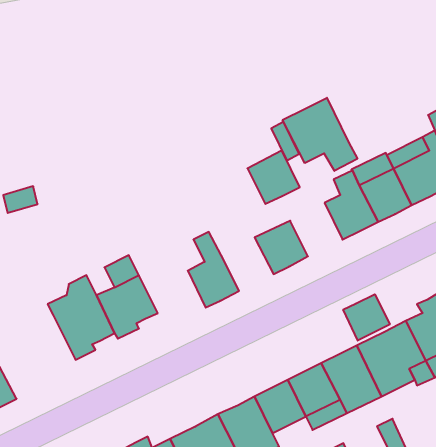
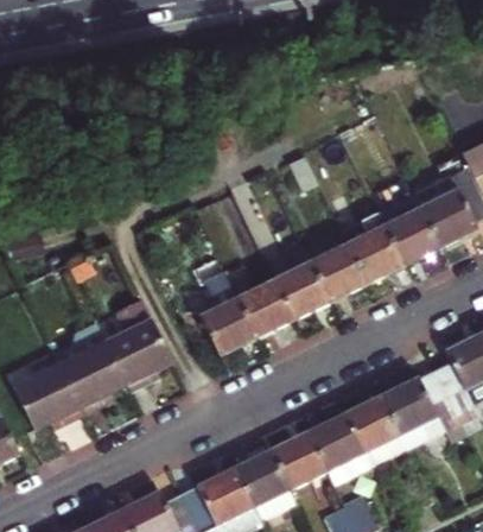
building: [283,98,357,171] -> none
building: [247,151,300,204] -> [312,241,368,298]
building: none -> [239,278,294,335]
building: [343,294,390,341] -> none
building: none -> [14,361,83,424]

